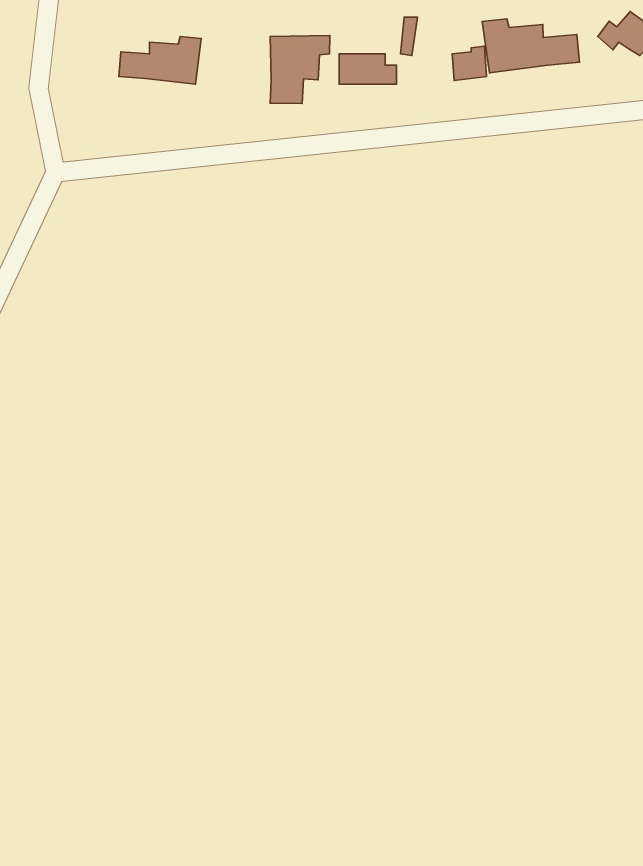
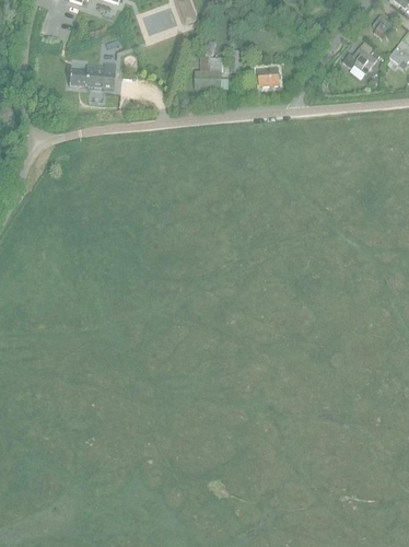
building: [482,19,579,73] -> none
building: [270,36,330,104] -> none

